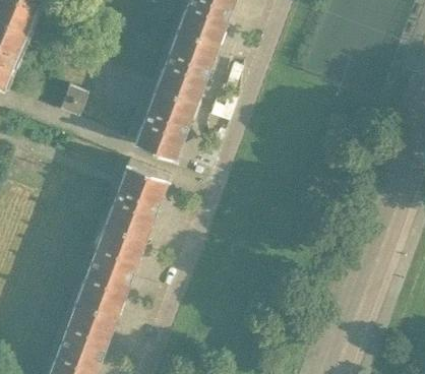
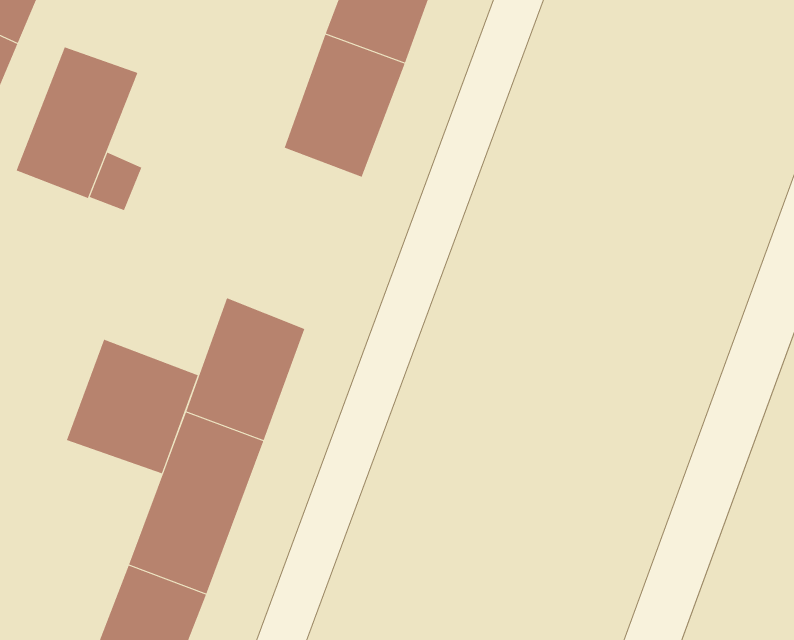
building: none -> [16,47,138,199]
building: [134,87,197,162] -> none
building: none -> [66,339,198,474]

